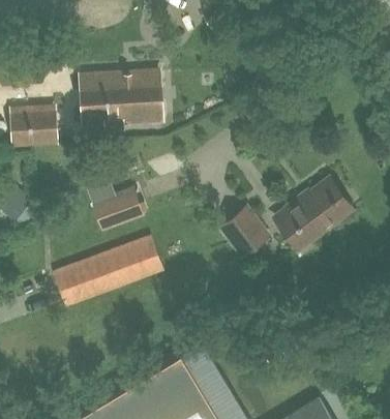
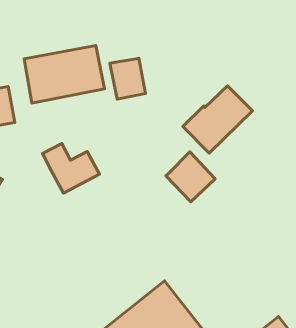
building: none -> [110,58,146,99]
building: [273,179,352,250] -> [183,86,252,153]
building: [52,235,163,308] -> none

